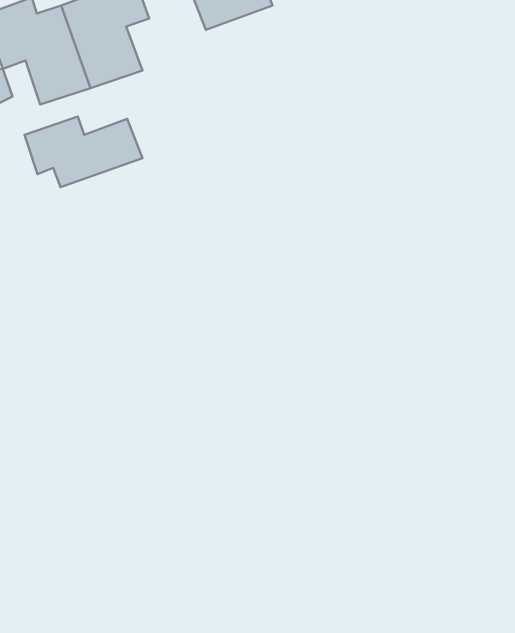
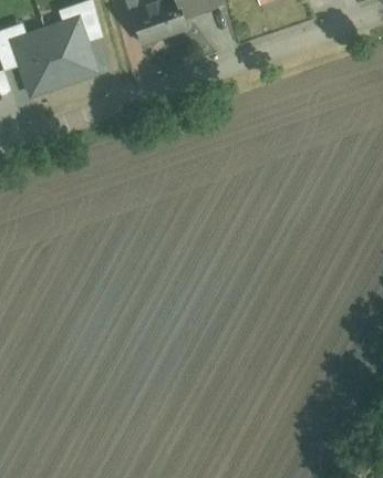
building: [24,117,143,187] -> none

